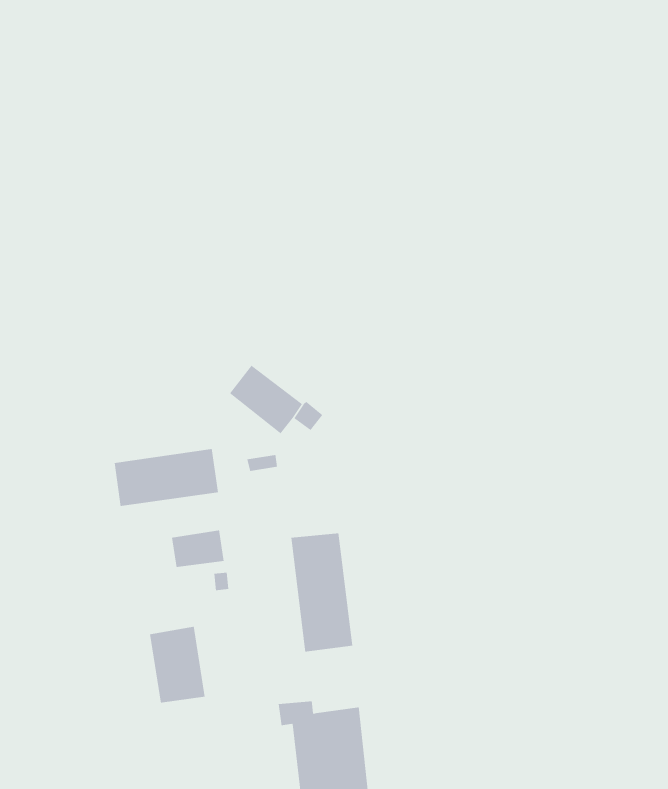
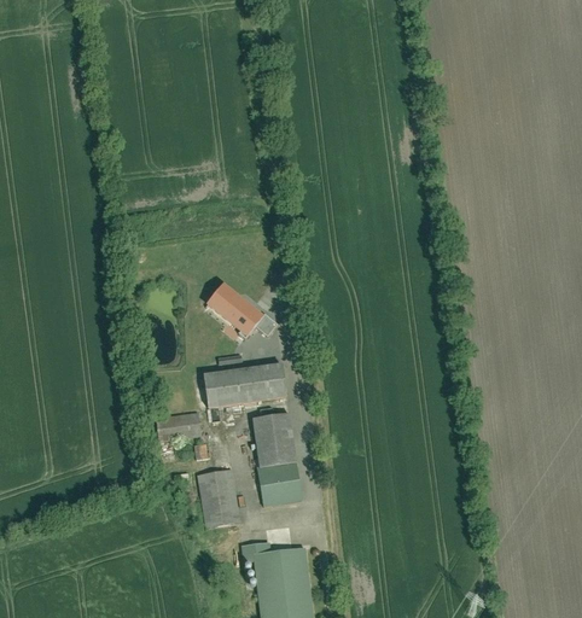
building: [114,449,219,507] -> [204,362,285,407]
building: [149,626,206,703] -> [198,467,241,526]

